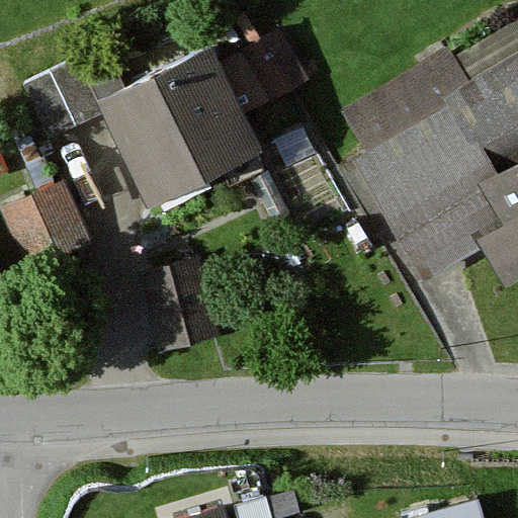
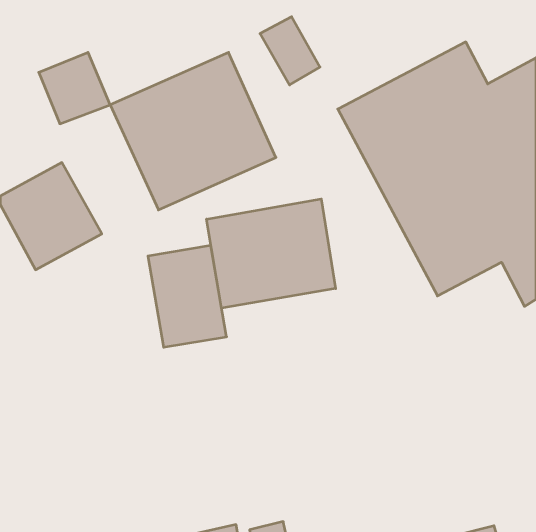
building: none -> [207,199,336,308]

